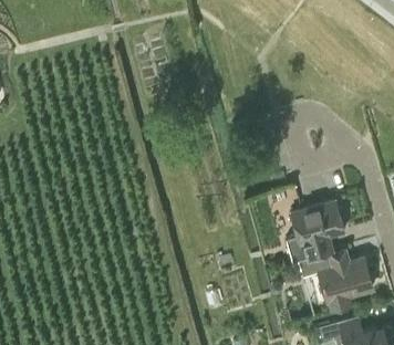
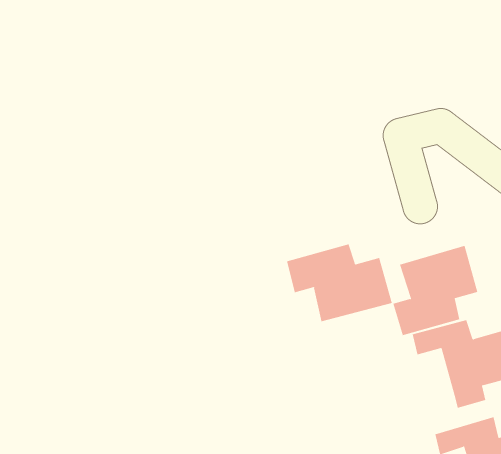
building: none -> [286,244,393,322]

